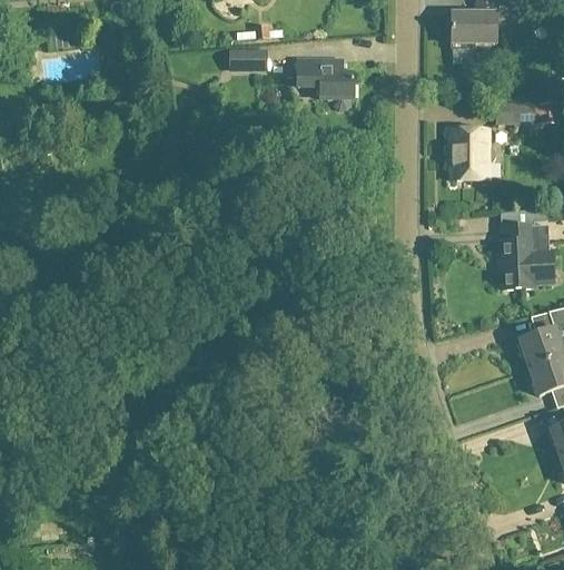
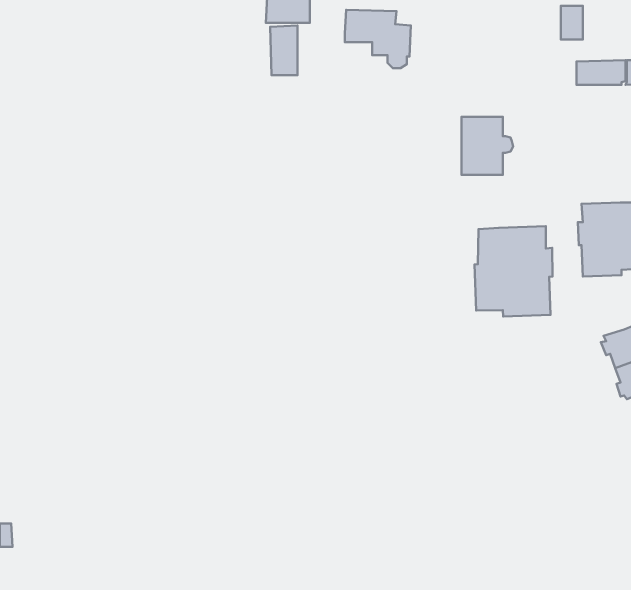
building: none -> [270,25,298,75]
building: [452,128,496,178] -> [461,117,513,175]
building: none -> [475,226,552,317]

